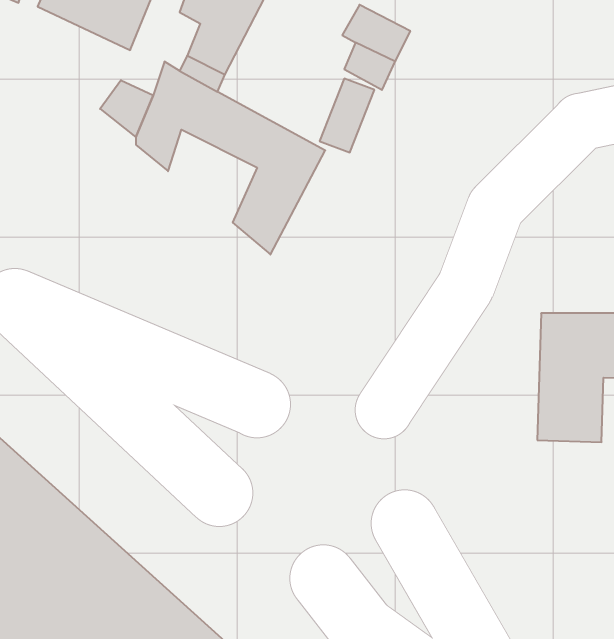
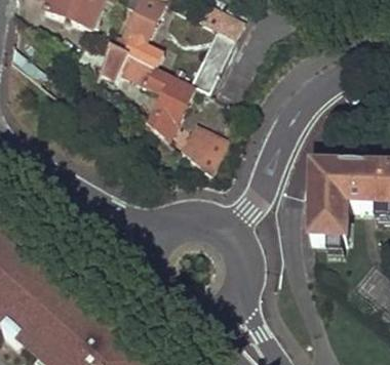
building: none -> [183,119,228,175]

